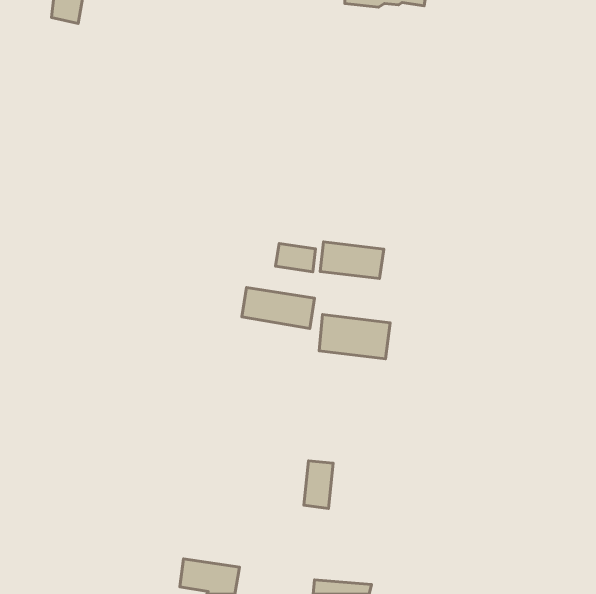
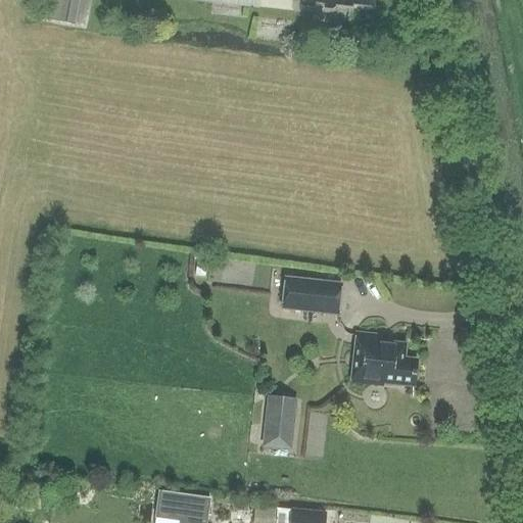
building: [320,242,384,279] -> none
building: [275,243,316,272] -> none
building: none -> [350,332,417,385]

